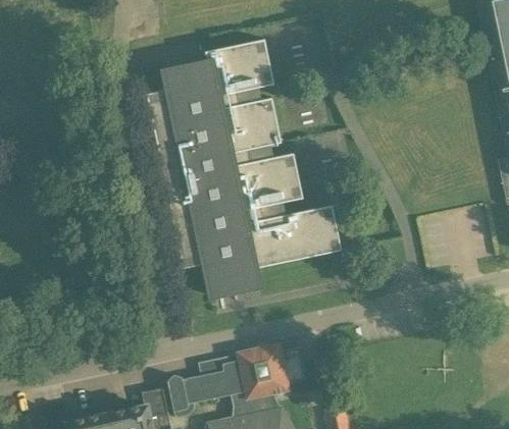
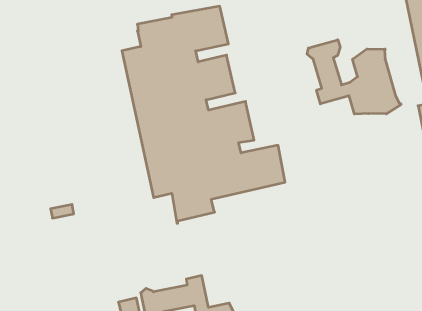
building: none -> [307,40,401,114]
building: [242,345,306,397] -> none

